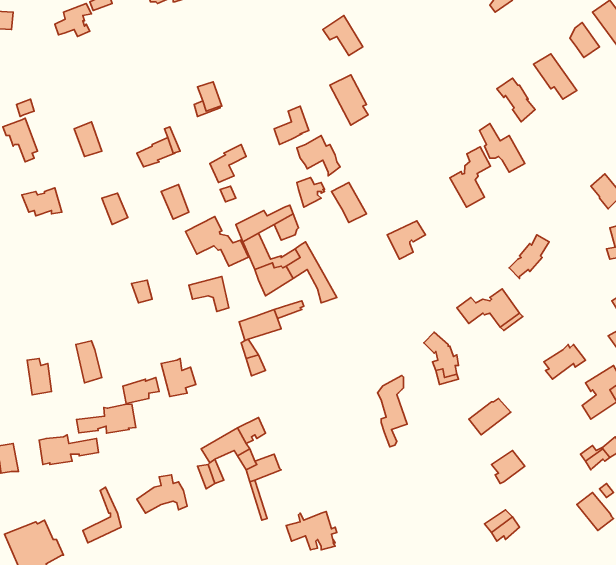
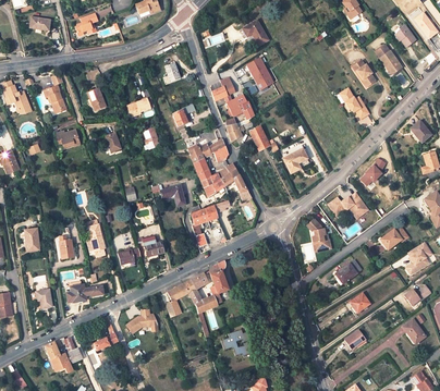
building: [450,147,491,207] -> none
building: [185,217,249,266] -> none
building: [378,375,407,447] -> [208,259,227,304]
building: [76,404,136,433] -> none

